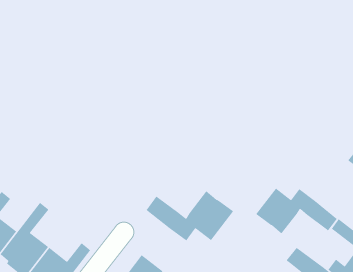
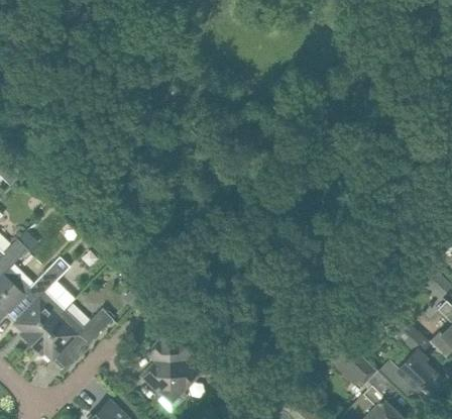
building: [255,187,338,235] -> none
building: [146,190,234,241] -> none

